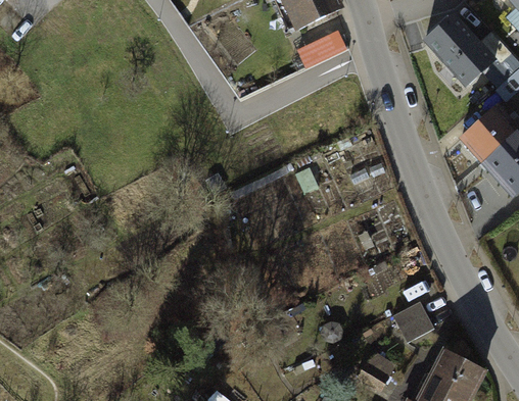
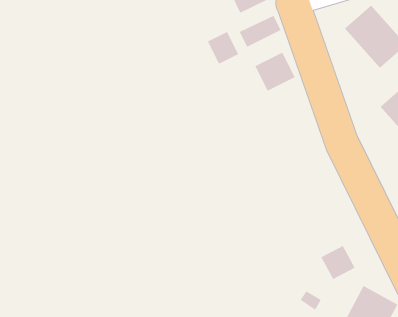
building: none -> [207,31,239,64]
building: none -> [254,52,295,92]

